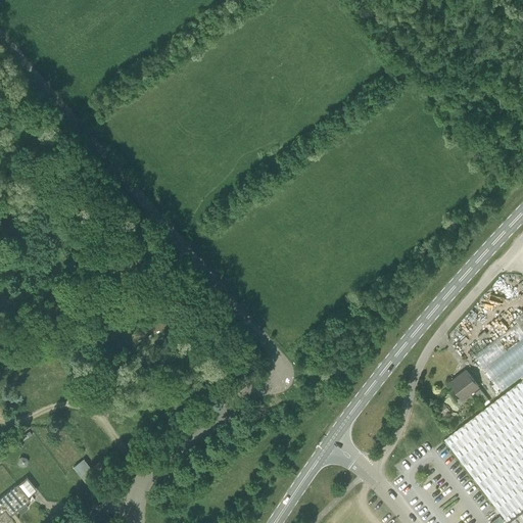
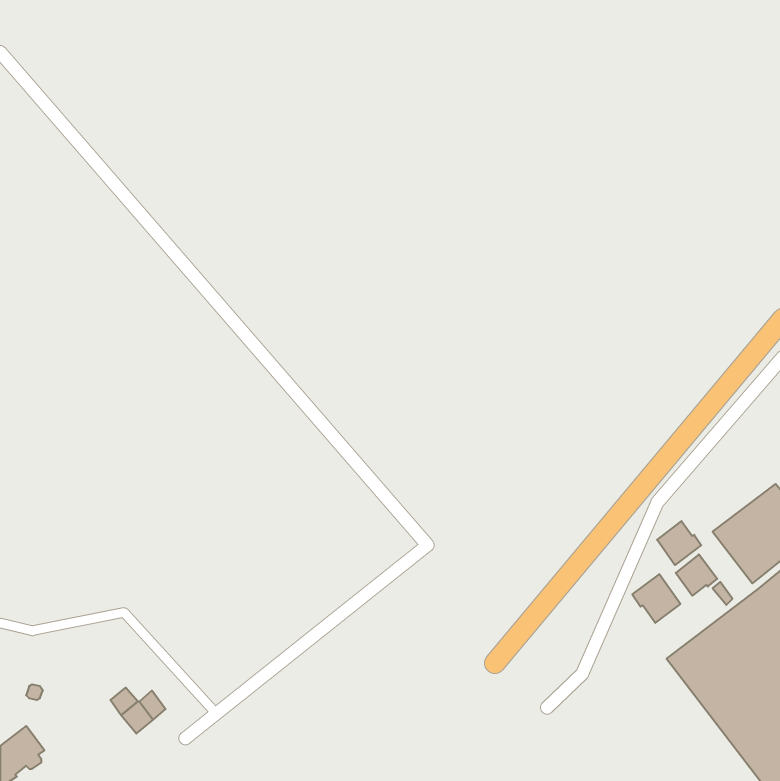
building: none -> [657,521,701,565]
building: none -> [632,574,680,623]

